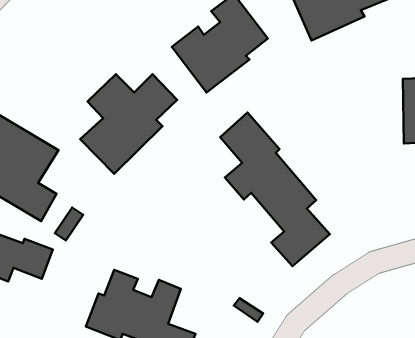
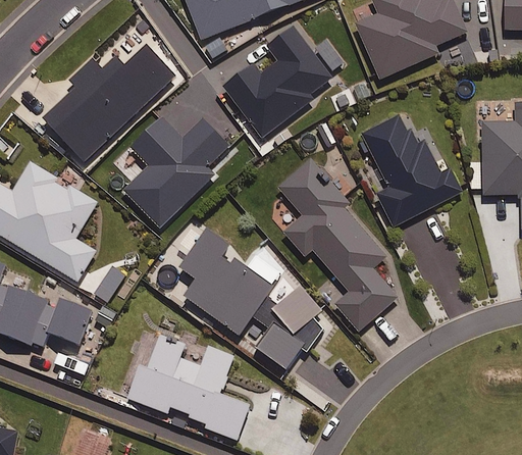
building: none -> [41,46,173,168]
building: none -> [361,114,460,226]
building: none -> [180,230,323,369]

